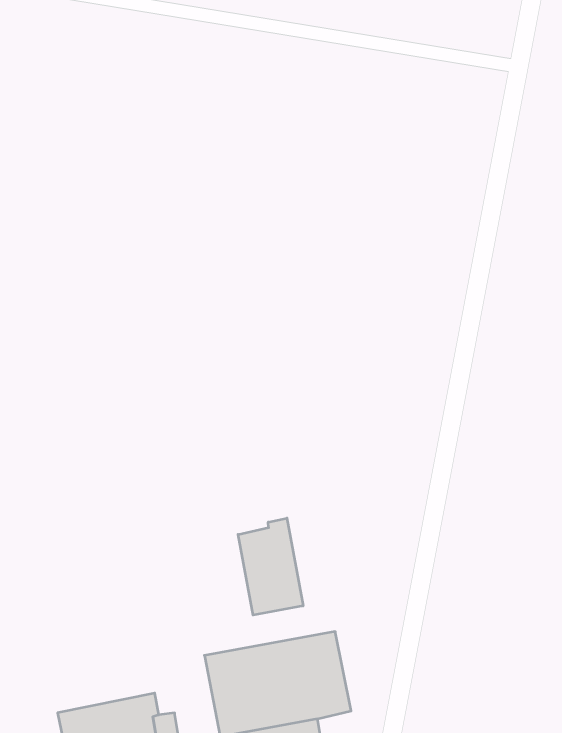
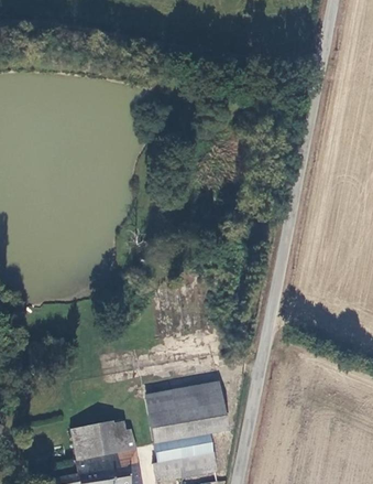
building: [238,518,303,615] -> none

